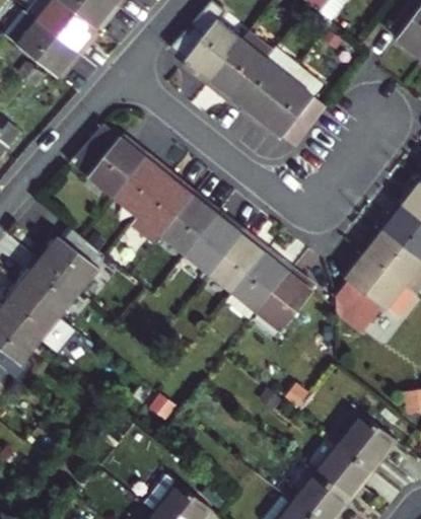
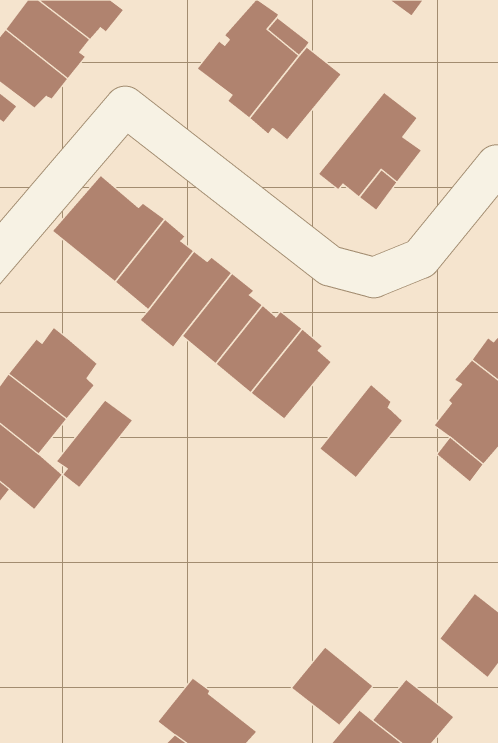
building: [233,47,300,123] -> none
building: [223,253,291,320] -> none
building: none -> [56,400,133,488]
building: [315,445,372,500] -> [291,647,373,726]

